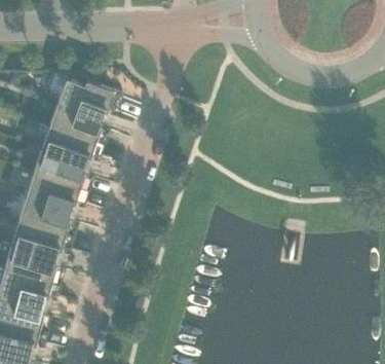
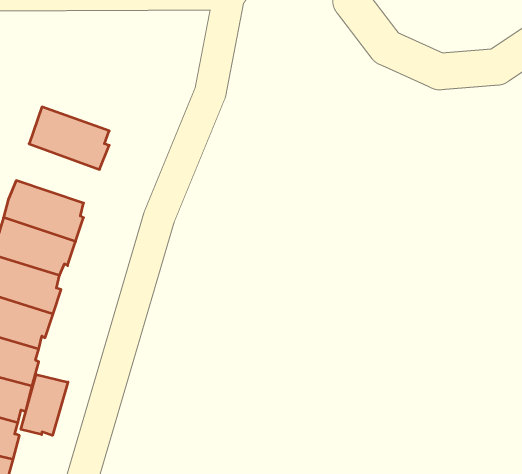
building: [60,76,116,116] -> none
building: [43,124,97,162] -> none
building: none -> [21,374,68,435]

